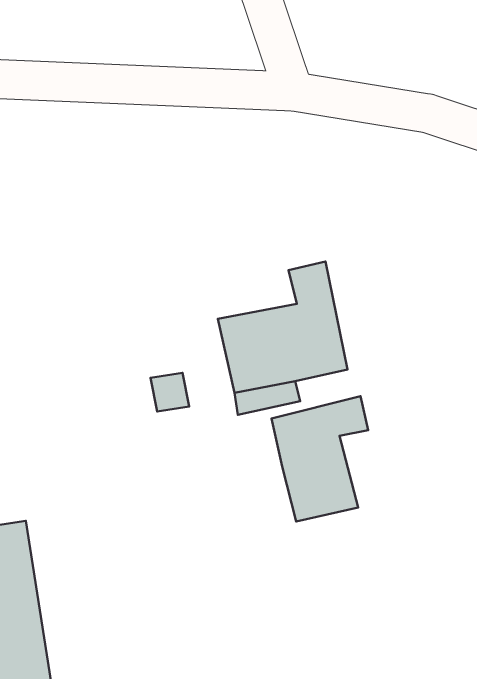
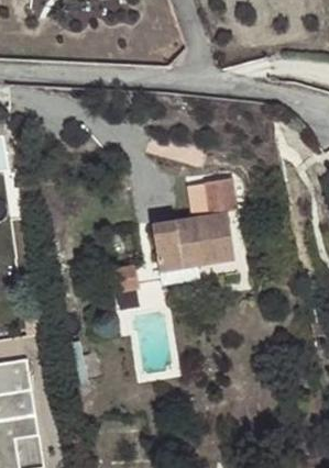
building: [271,396,368,521] -> none

